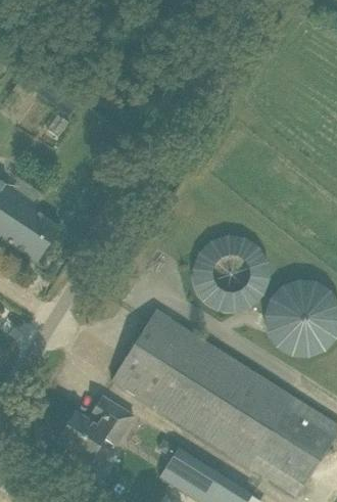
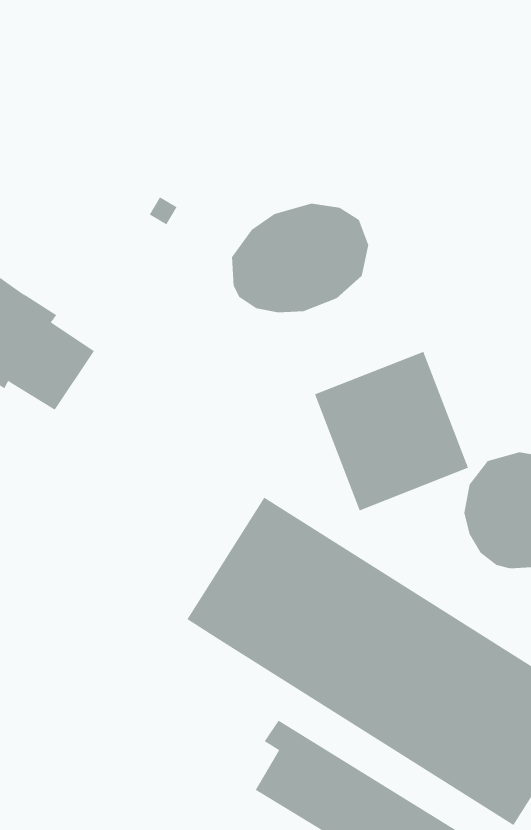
building: none -> [232,203,369,313]
building: [56,397,135,469] -> none

